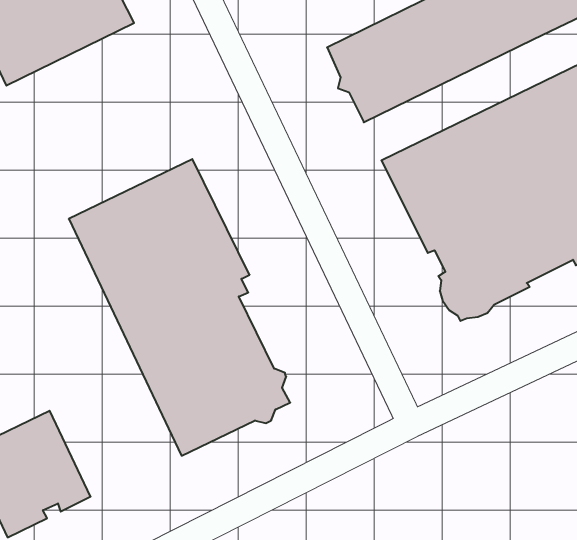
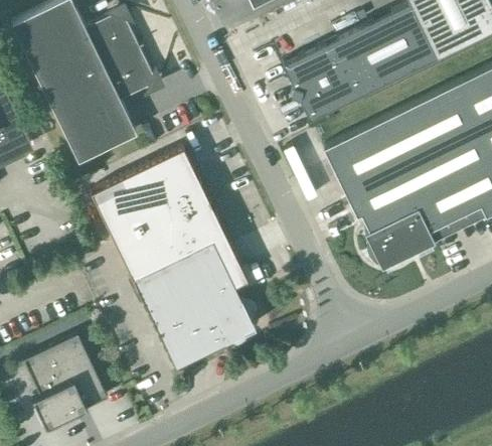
building: none -> [46,48,155,163]

